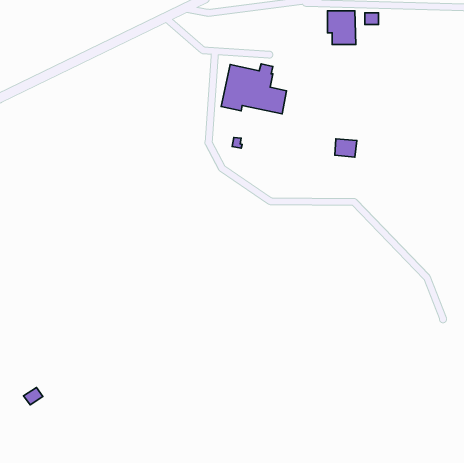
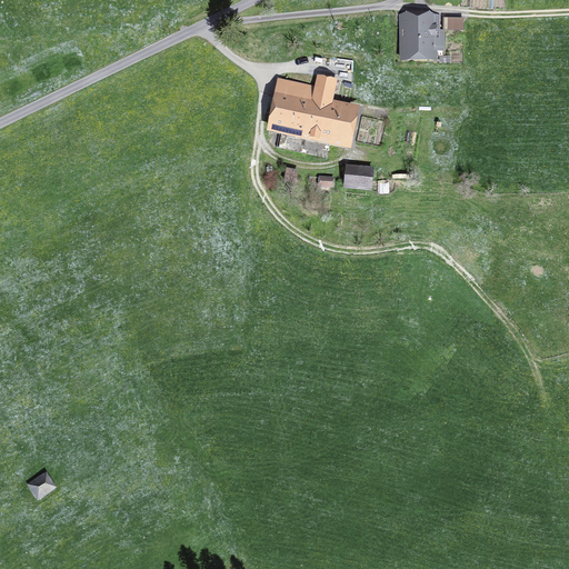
building: [335,139,357,157] -> [346,164,372,187]

